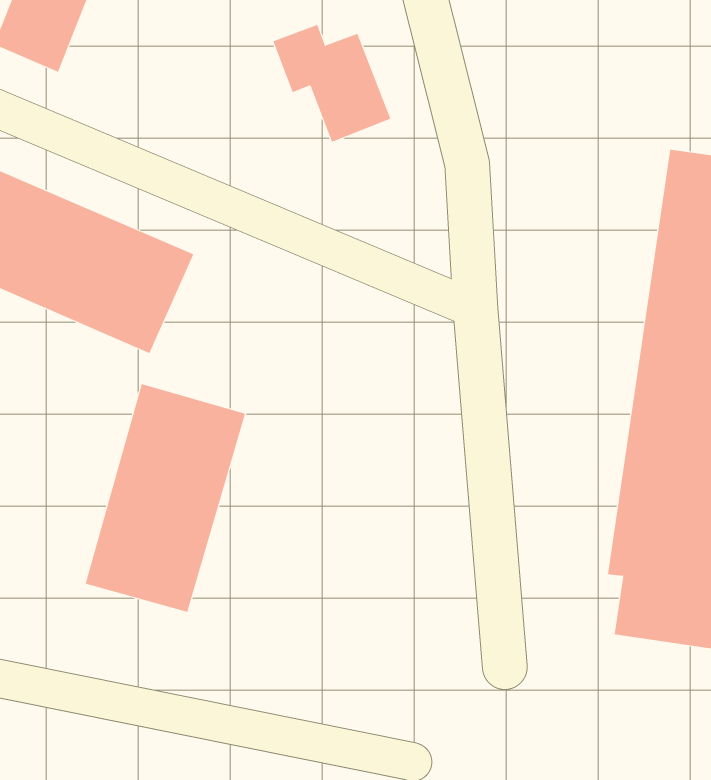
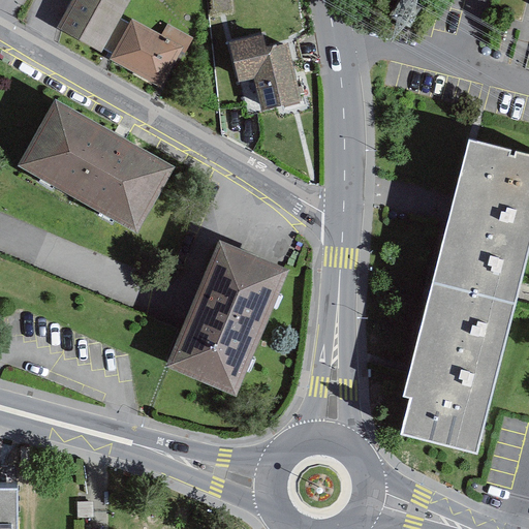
building: none -> [114,24,180,86]
building: [85,383,246,612] -> [172,246,282,390]

